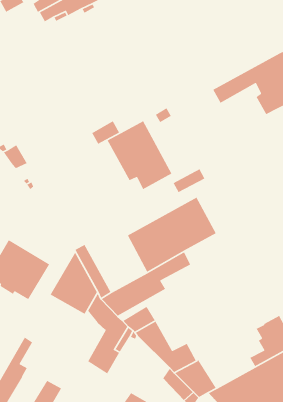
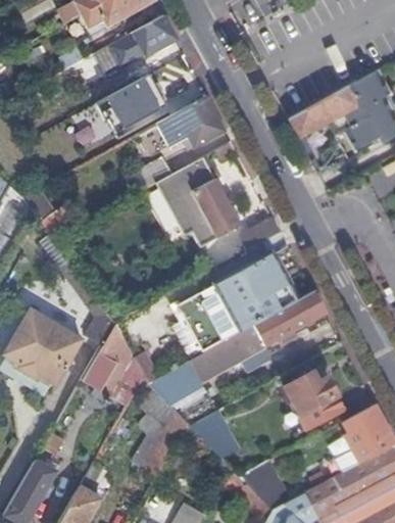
building: none -> [96,17,177,70]
building: none -> [105,77,160,129]
building: none -> [157,97,226,149]
building: none -> [254,292,326,342]
building: none -> [285,368,343,430]

